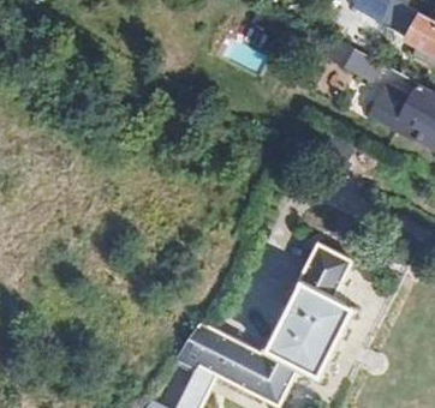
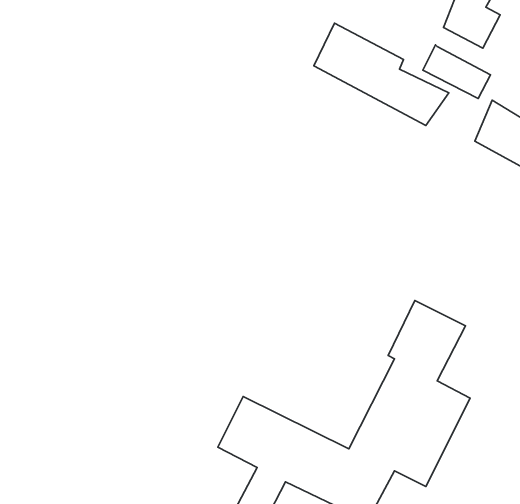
building: none -> [314,23,449,126]

